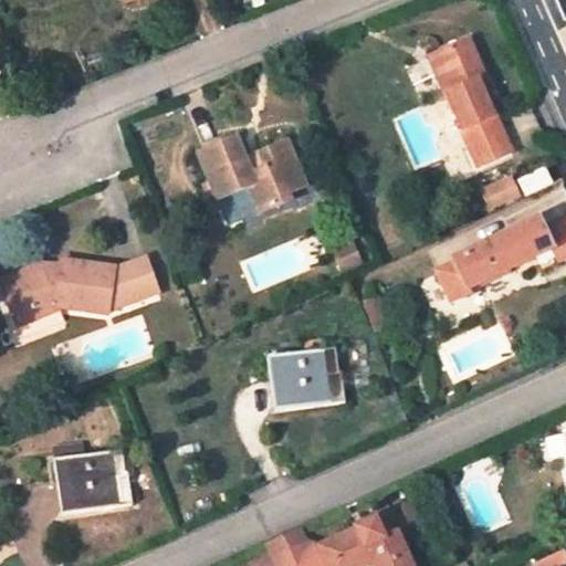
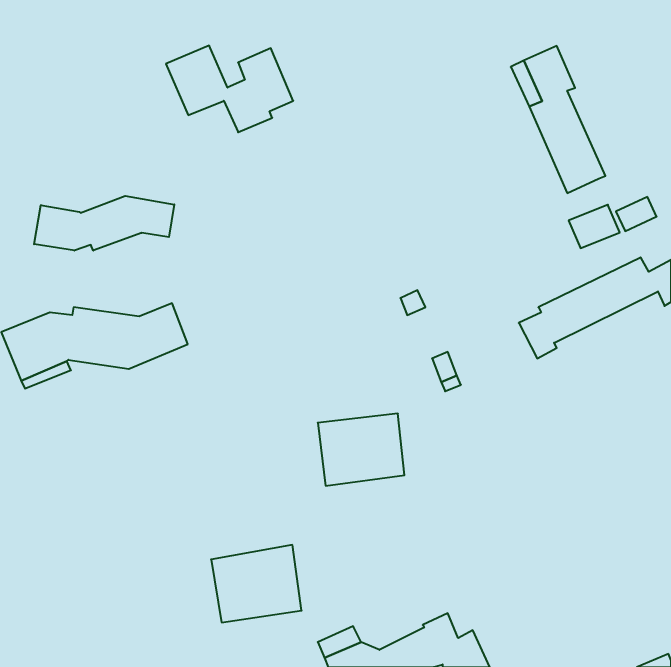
building: [199,137,306,210] -> [166,46,293,132]
building: none -> [34,196,174,251]
building: [53,448,129,513] -> [211,545,302,622]

